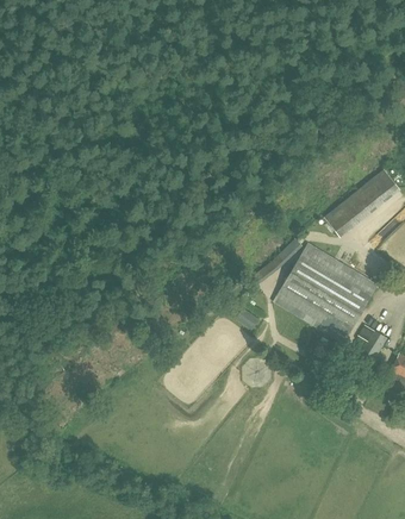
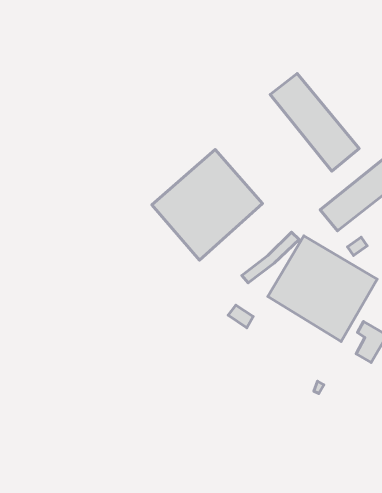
building: none -> [270,73,359,171]
building: none -> [152,149,262,260]

